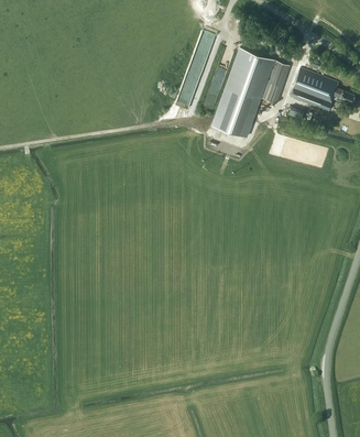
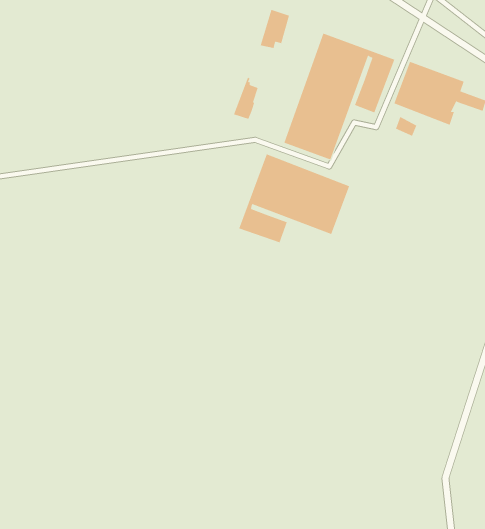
building: none -> [239,154,350,243]

